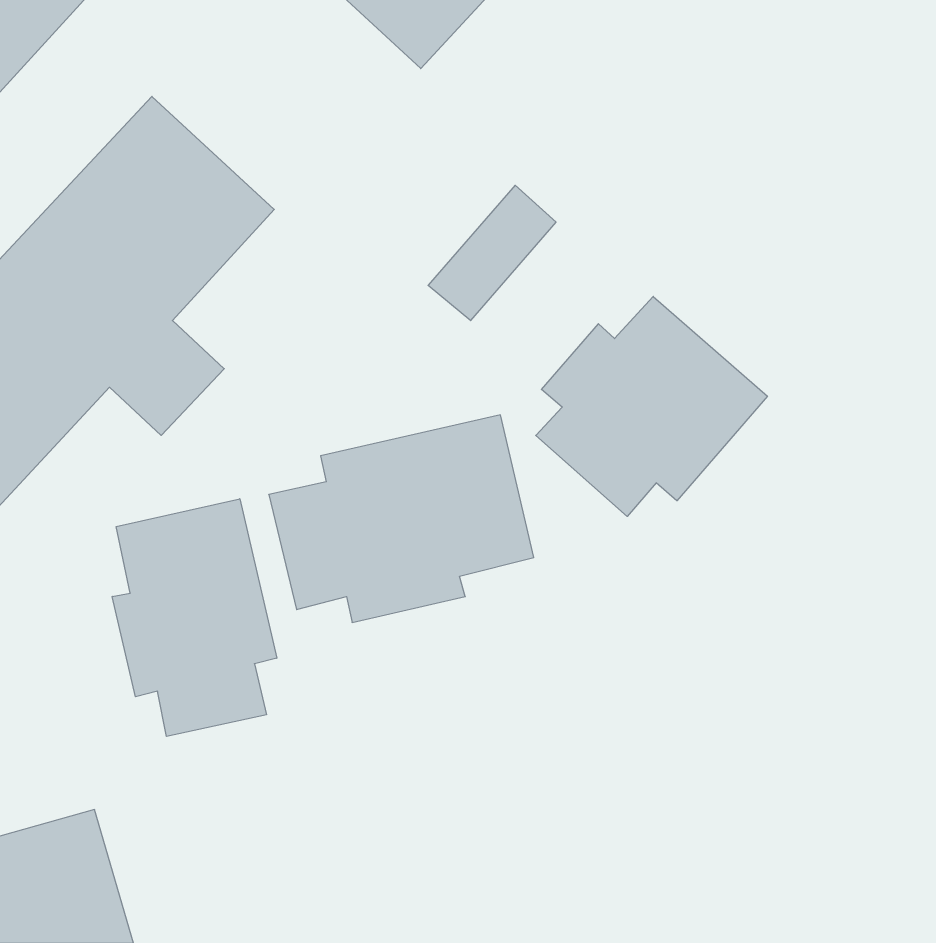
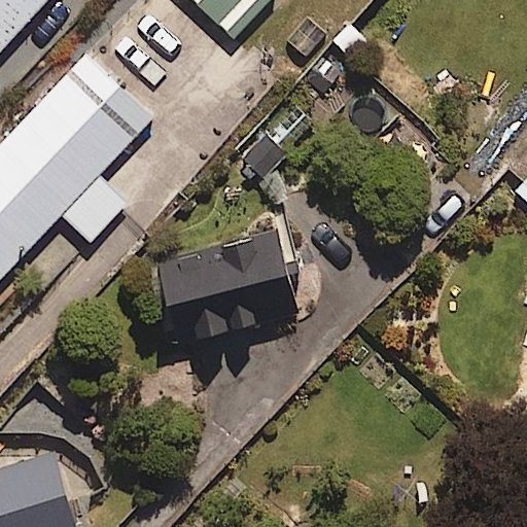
building: [536,296,767,516] -> none
building: [112,499,277,736] -> none

